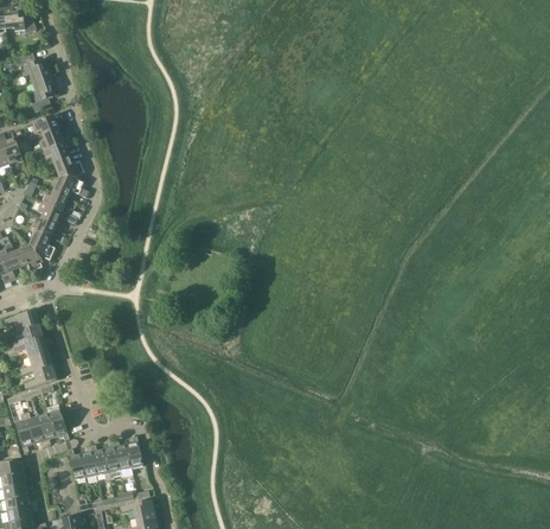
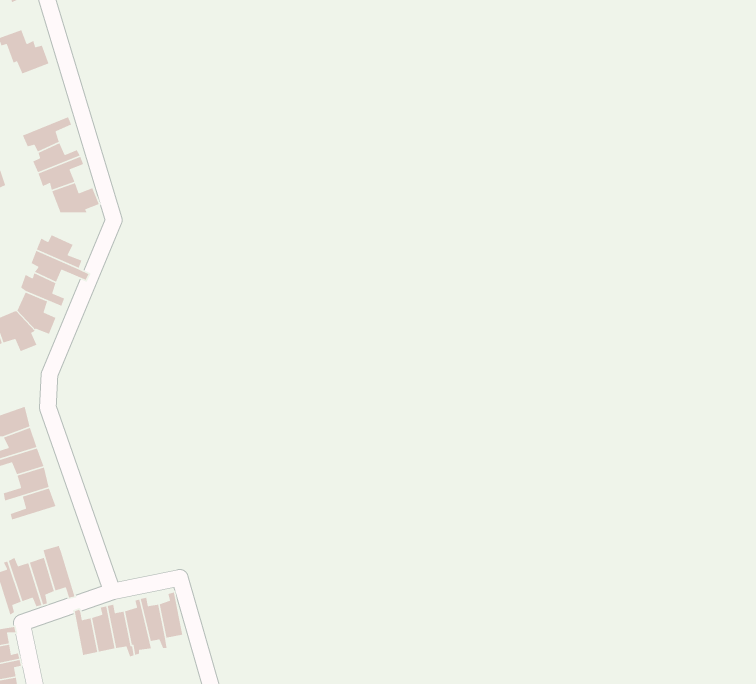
building: [31,76,56,113] -> none
building: [52,178,90,199] -> none

